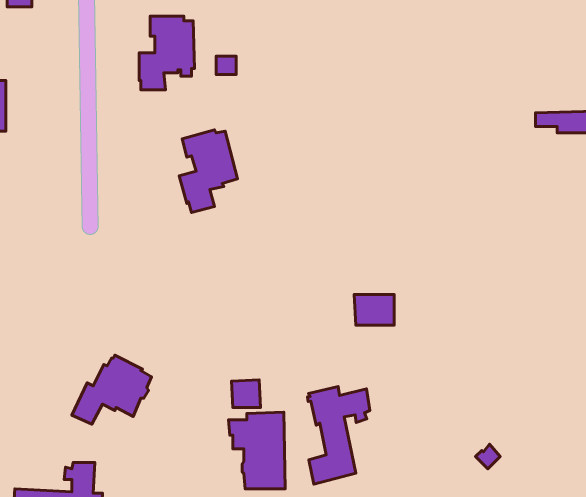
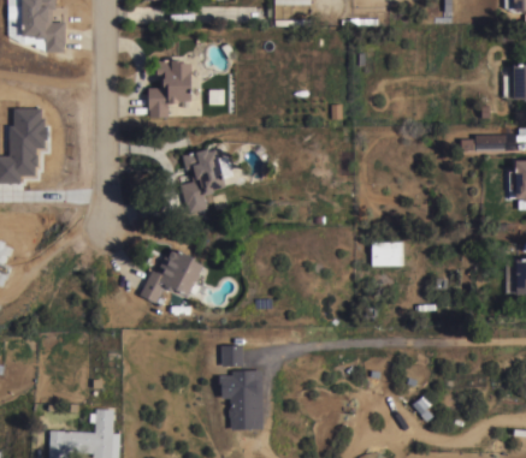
building: [354,294,394,325] -> [371,242,402,266]
building: [72,355,152,424] -> [140,248,202,302]
building: [308,386,370,484] -> none

